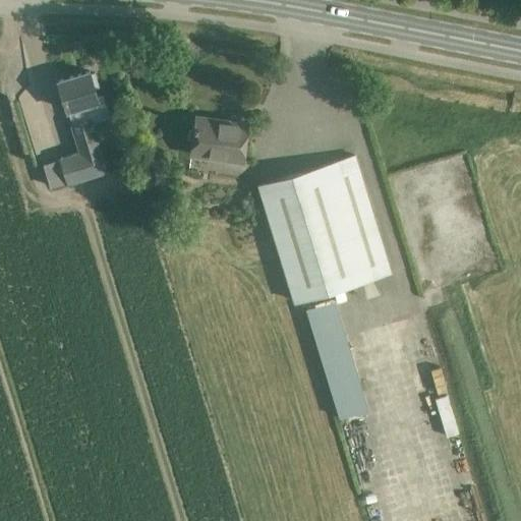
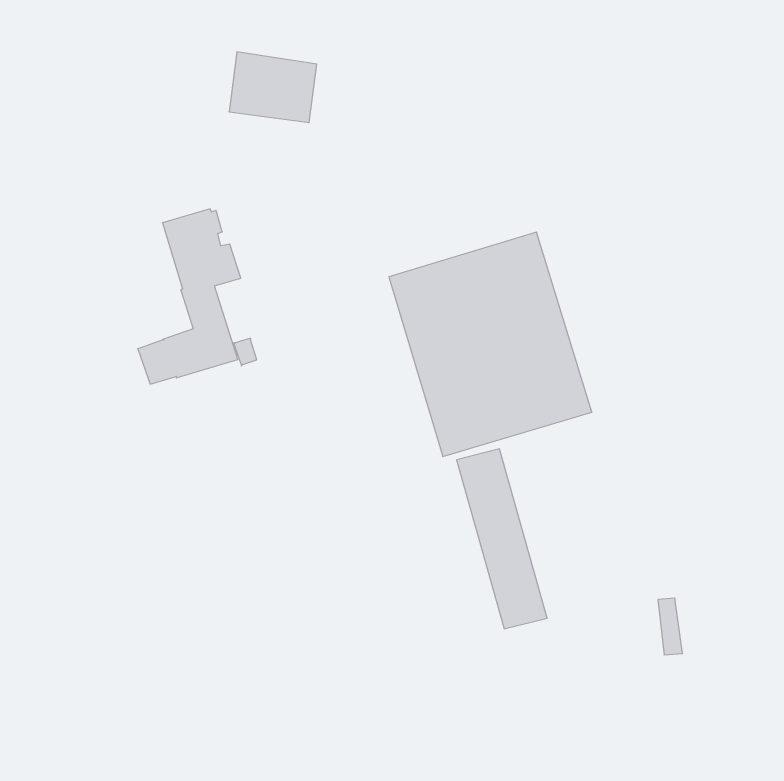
building: [43,74,111,190] -> [138,209,241,384]
building: [191,118,249,165] -> [229,52,317,123]

